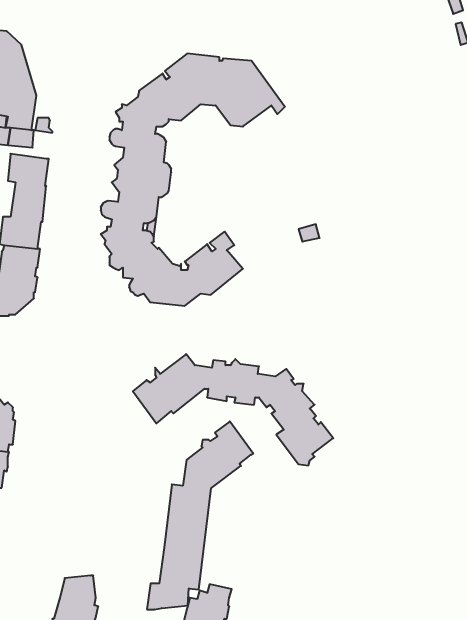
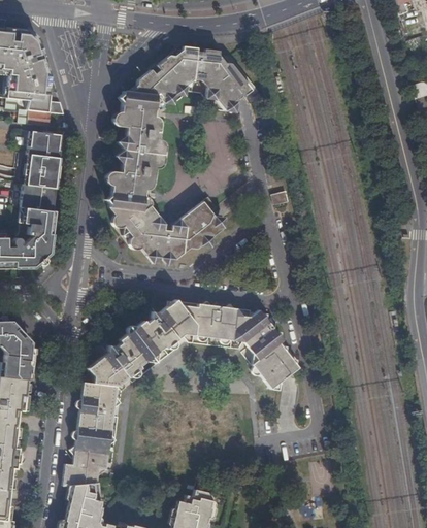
building: [147,421,253,609] -> [62,329,151,486]

